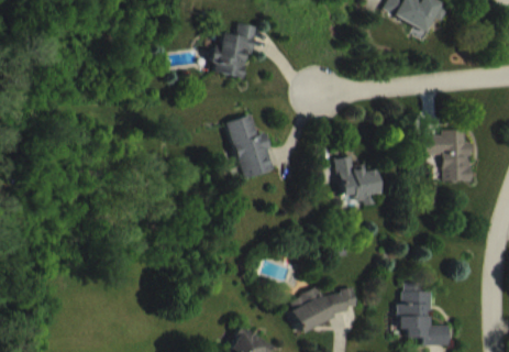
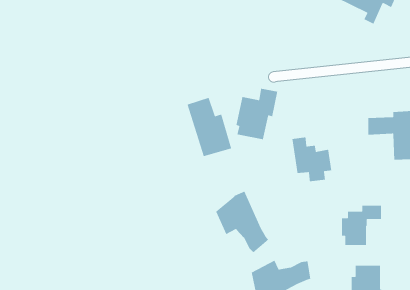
building: [211,22,256,77] -> [235,88,278,140]
building: none -> [215,191,269,253]
building: none -> [341,205,382,246]

